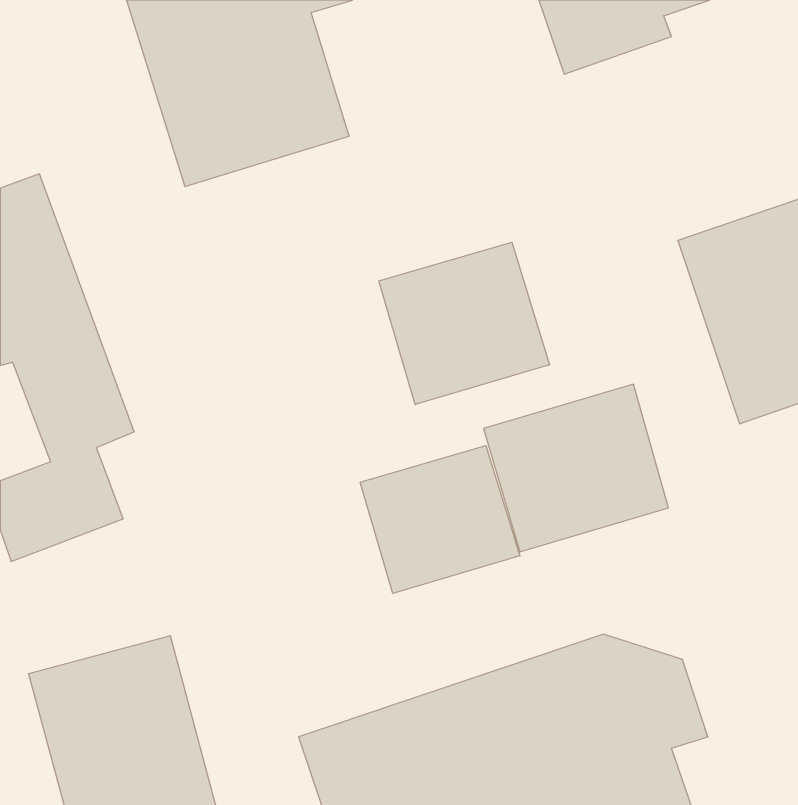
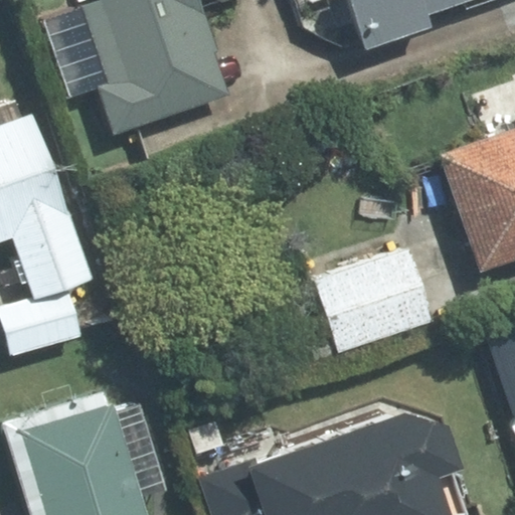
building: [379,242,550,405] -> none
building: [360,446,520,593] -> none

